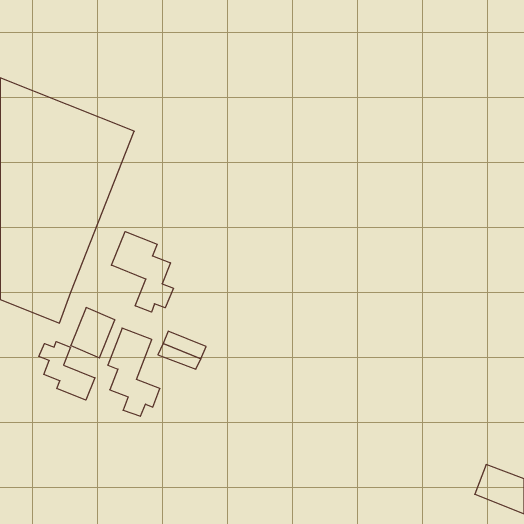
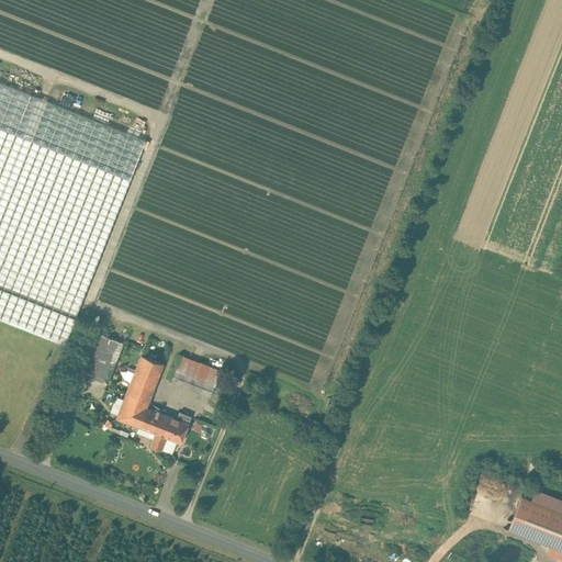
building: [111,232,174,312] -> none
building: [39,342,95,400] -> none
building: none -> [150,412,191,450]

